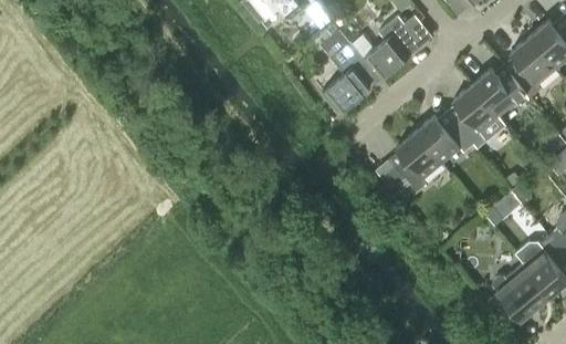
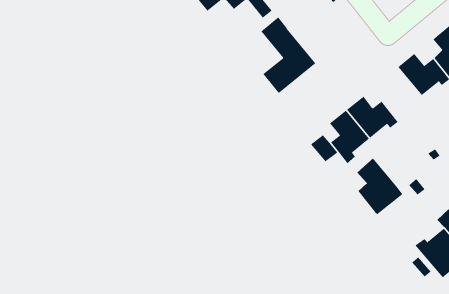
building: [350,15,423,80] -> none
building: [454,84,506,148] -> [356,158,403,215]

